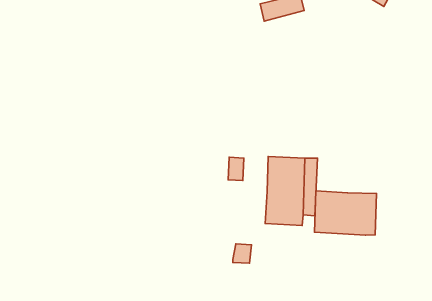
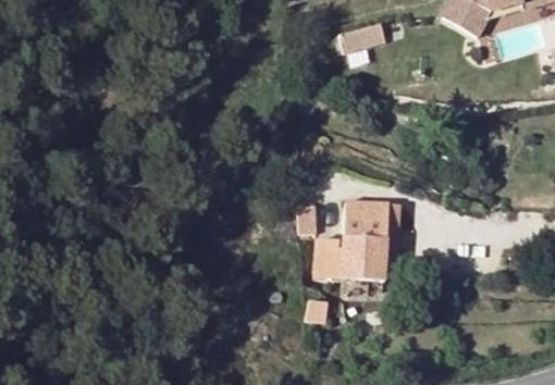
building: none -> [314,239,344,277]
building: [314,191,377,235] -> none

